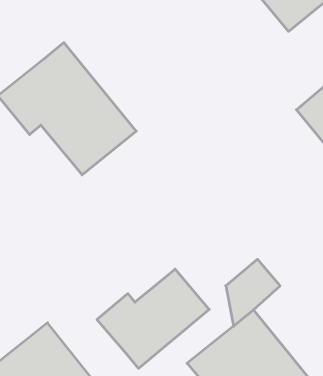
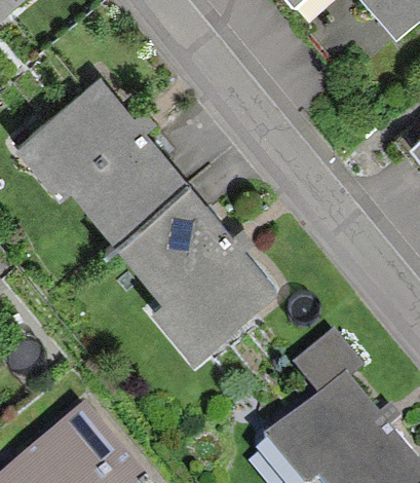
building: none -> [130,181,279,348]
building: [97,269,209,368] -> none

